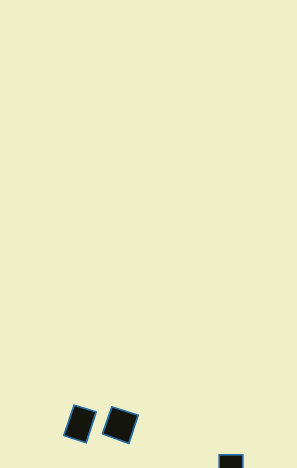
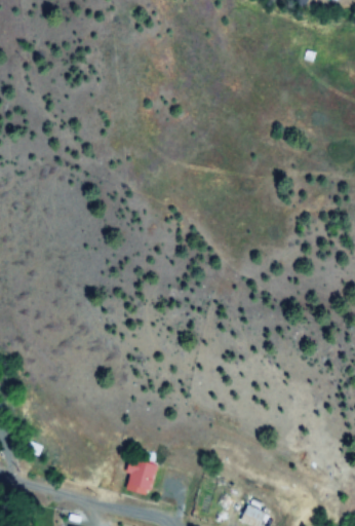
building: [64,405,96,443] -> none

